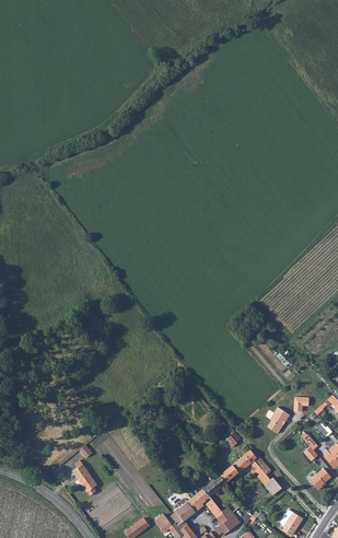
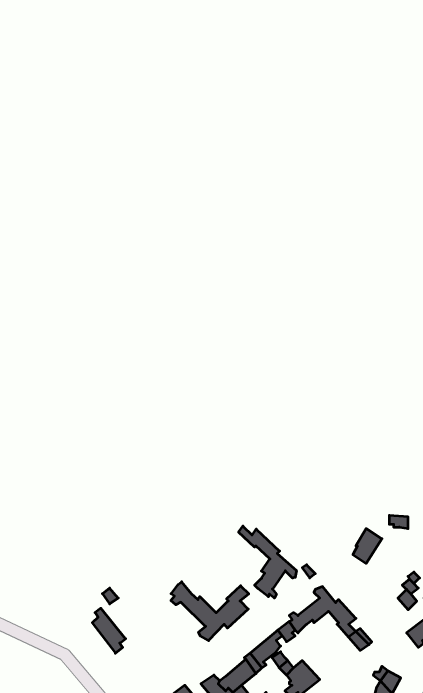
building: none -> [239,526,296,598]
building: none -> [171,582,249,641]

